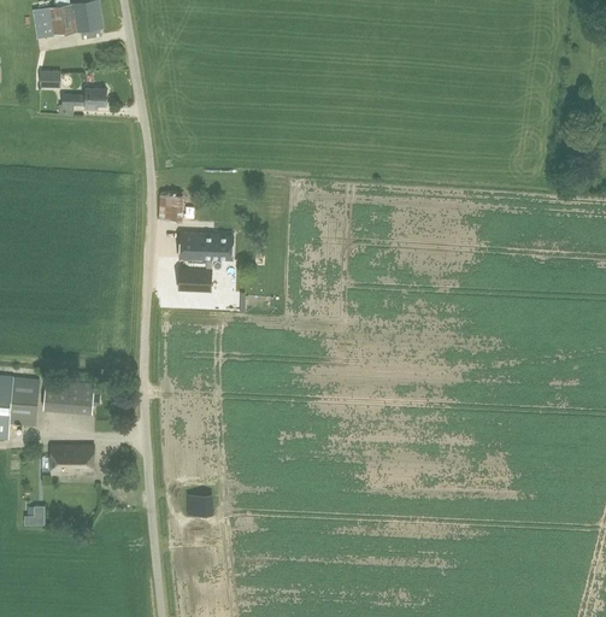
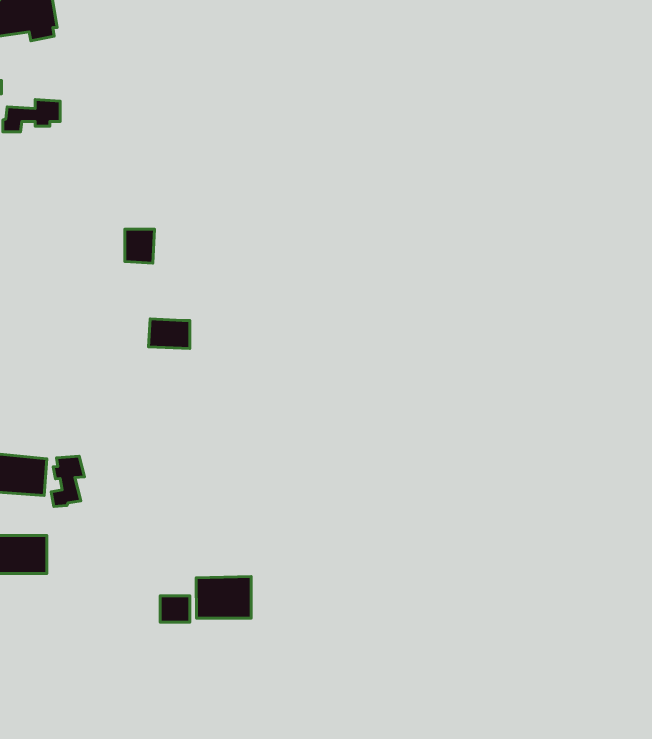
building: [178,230,233,258] -> none
building: none -> [51,456,85,506]
building: none -> [196,576,251,618]

